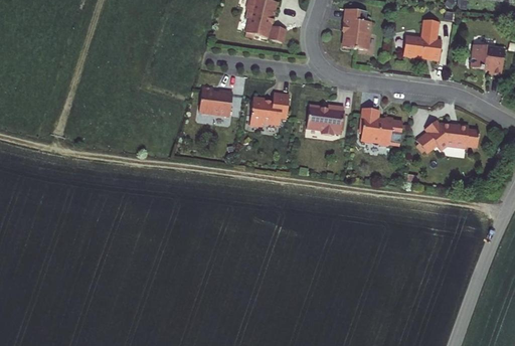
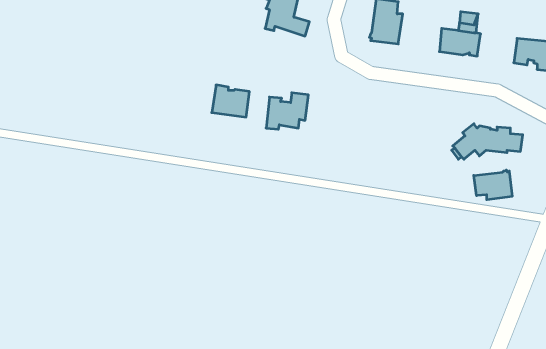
building: [306,104,346,135] -> none
building: [360,108,402,146] -> none
building: none -> [474,170,512,200]

